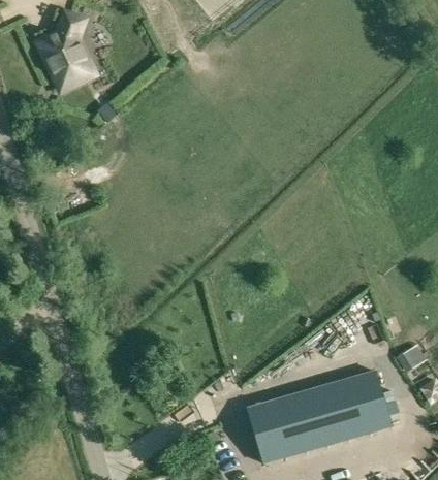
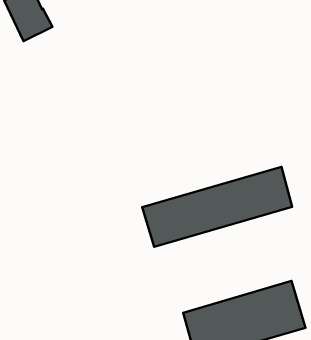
building: none -> [142,167,292,247]

